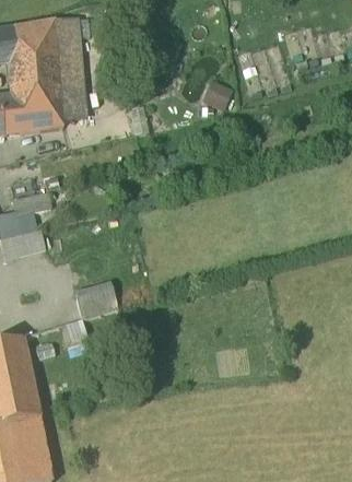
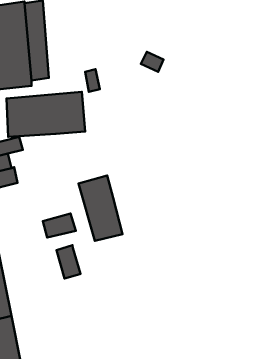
building: none -> [6,92,85,137]
building: none -> [79,176,122,241]
building: none -> [57,245,81,279]

